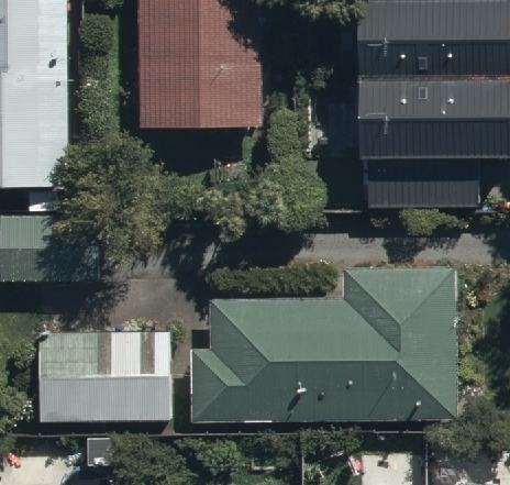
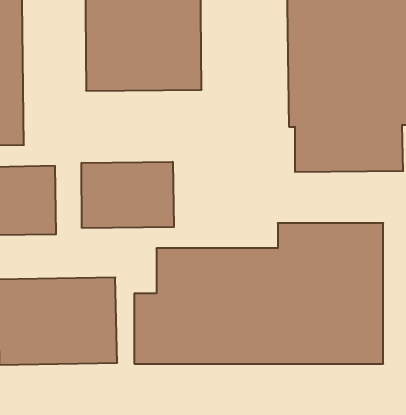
building: none -> [82,162,174,228]

